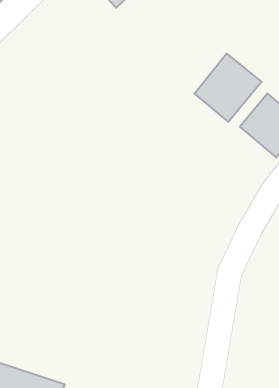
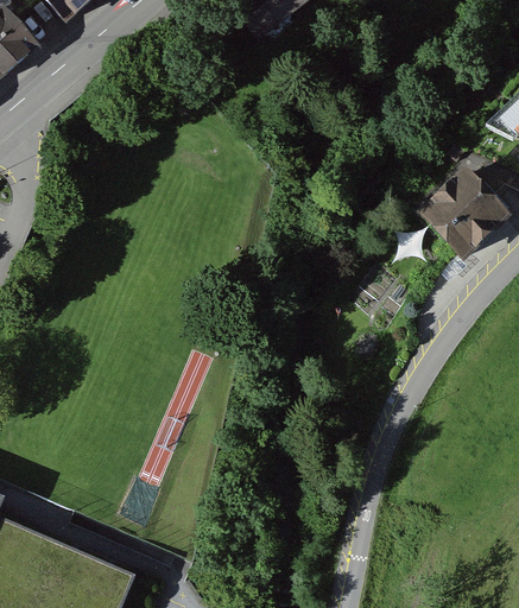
building: [194,54,262,122] -> none

